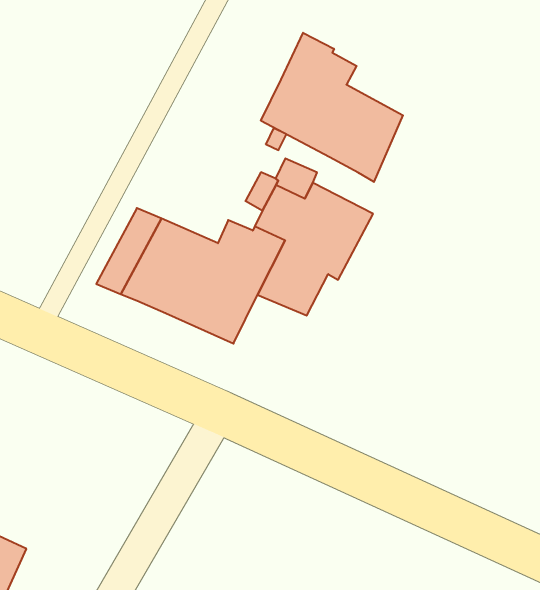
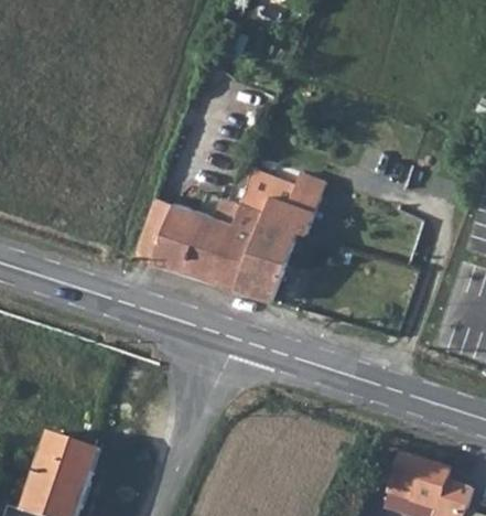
building: [261,33,403,182] -> none
building: none -> [235,250,285,300]

